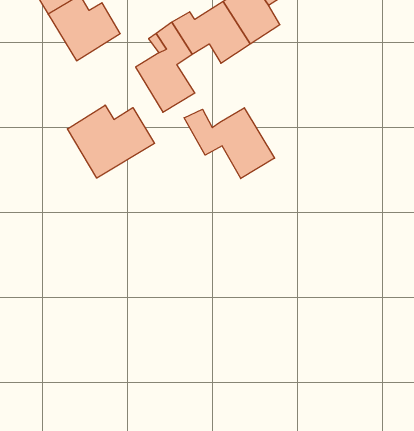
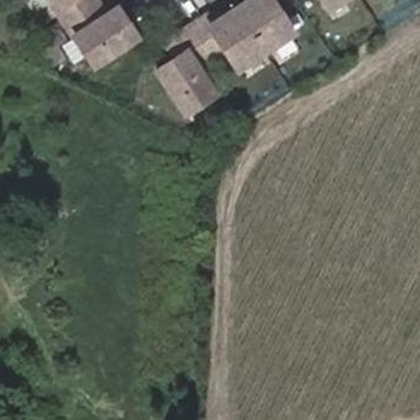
building: [67,105,155,178] -> none
building: [184,108,275,179] -> none

